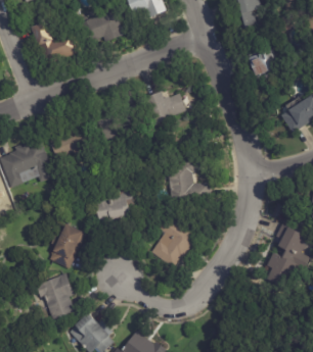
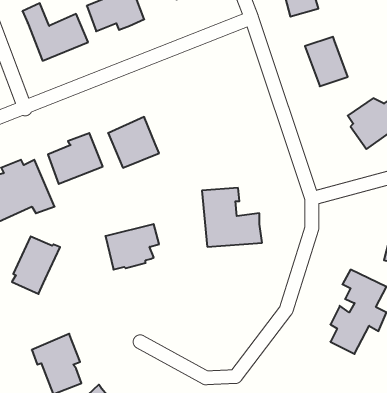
building: [141,90,186,125] -> none
building: [150,215,197,266] -> none
building: [49,223,86,267] -> [12,236,60,294]

